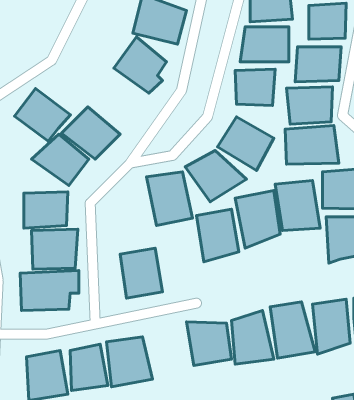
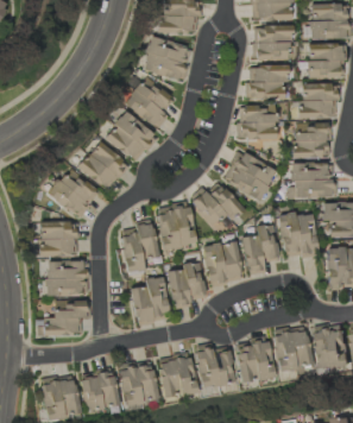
building: [14,88,71,141] -> [102,113,156,163]
building: none -> [119,221,160,277]
building: none -> [165,261,204,308]
building: none -> [157,353,196,399]

